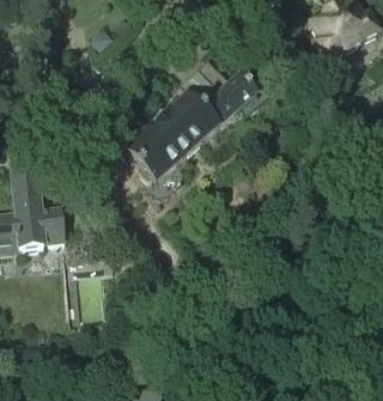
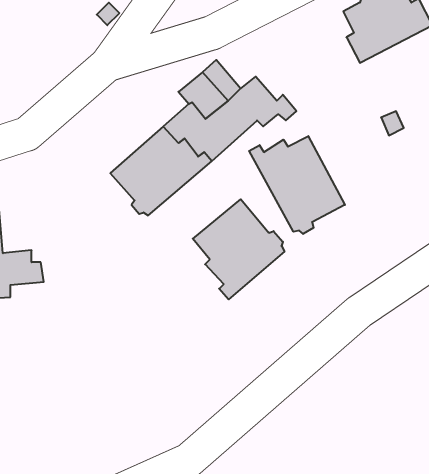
building: none -> [249,136,345,234]
building: none -> [193,199,284,299]

